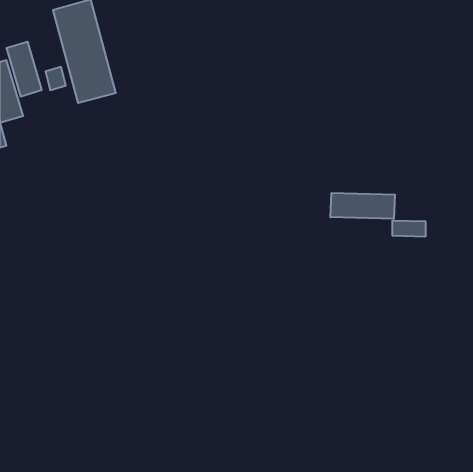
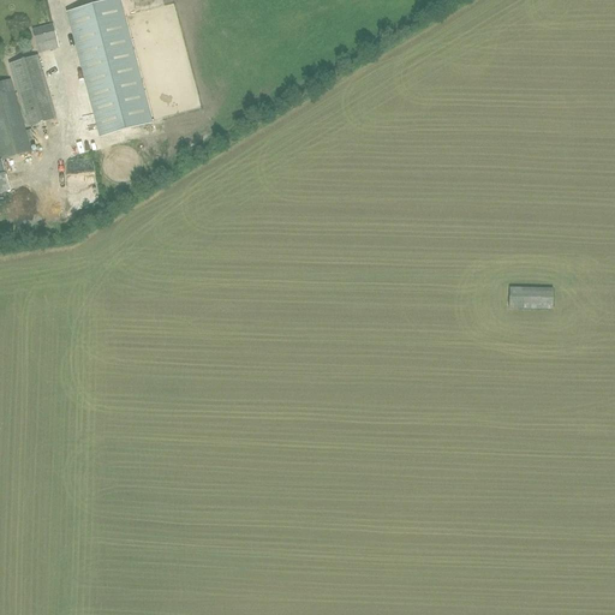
building: [45,67,66,90] -> [31,22,58,52]
building: [330,193,395,219] -> none

